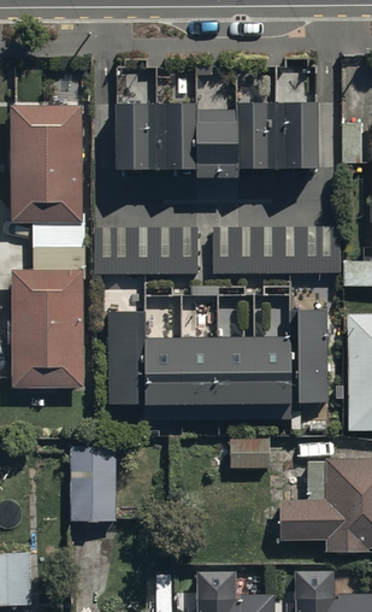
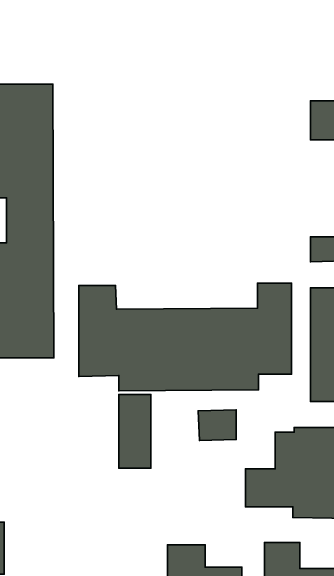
building: [113,99,315,177] -> none
building: [96,225,196,278] -> none
building: [214,226,341,272] -> none
building: [83,446,116,520] -> [119,395,151,468]

